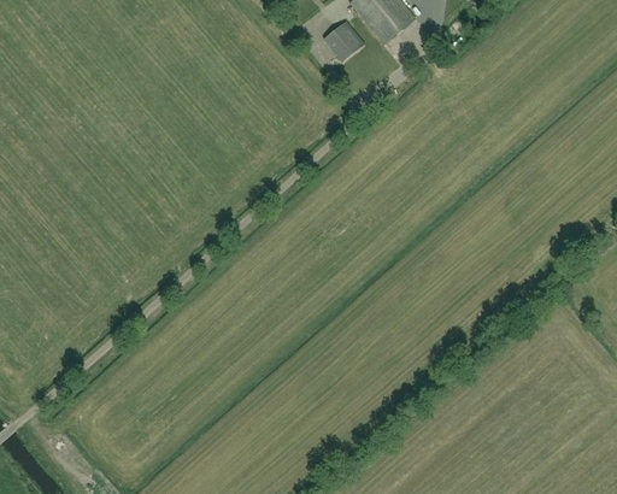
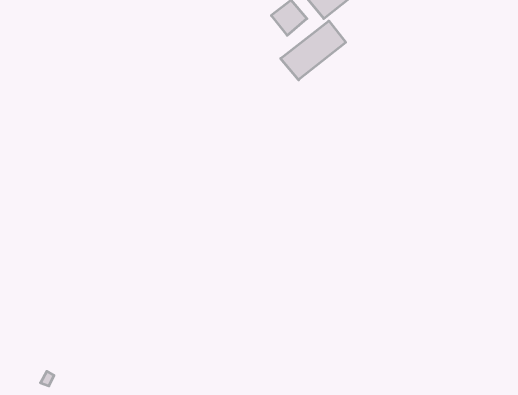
building: none -> [281,21,346,80]

